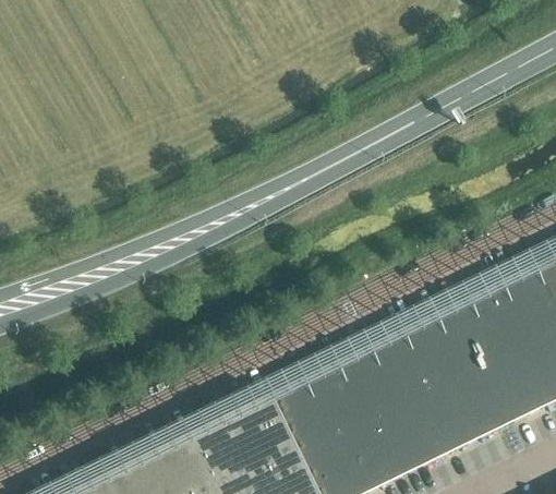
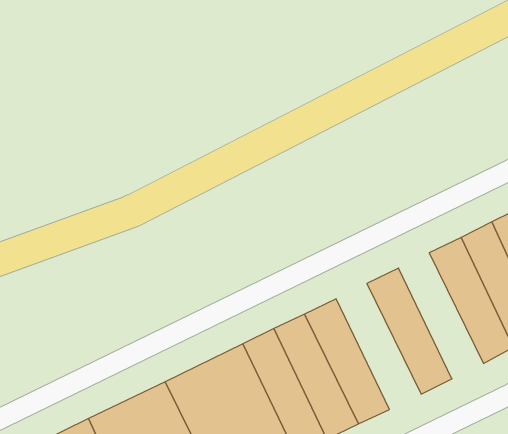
building: [434,294,524,429] -> none
building: [367,327,458,461] -> none

